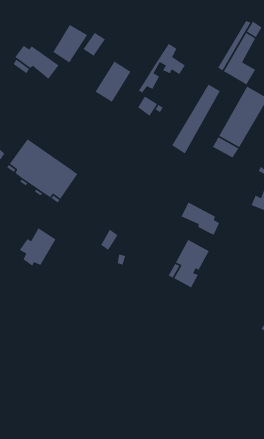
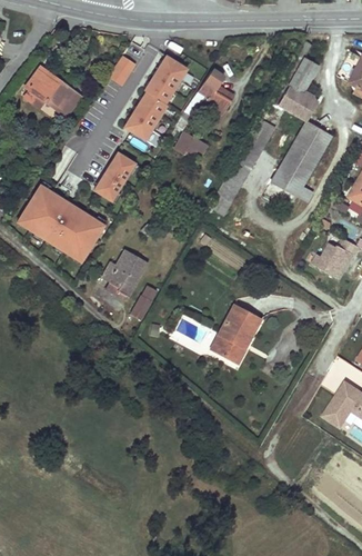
building: [52,24,88,63] -> [144,54,188,102]
building: none -> [94,153,134,201]
building: [181,201,220,236] -> none
building: [19,227,57,267] -> [102,249,148,297]

